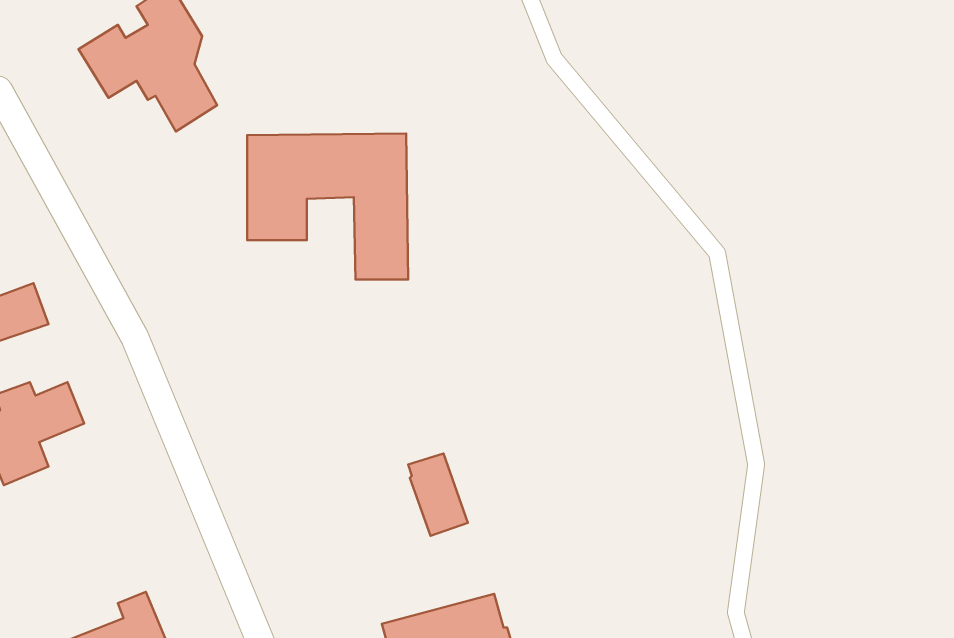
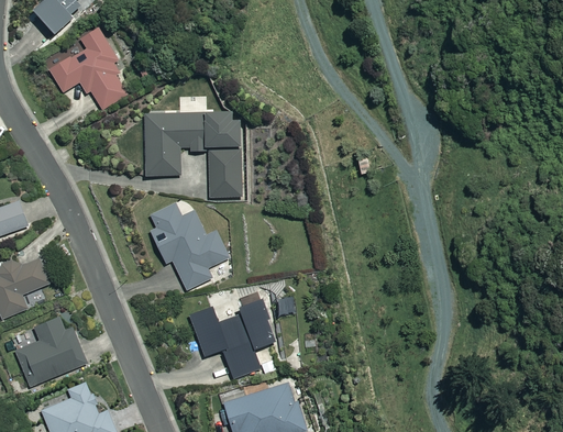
building: none -> [151,204,230,290]
building: none -> [190,308,260,378]
building: none -> [15,319,86,387]

